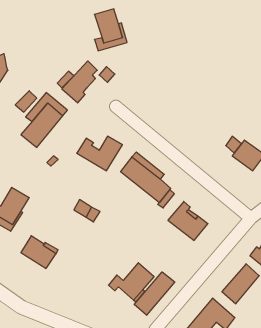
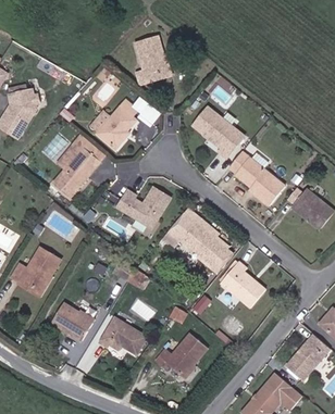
building: none -> [196,106,246,156]
building: none -> [231,151,286,205]
building: none -> [98,317,146,354]
building: [134,272,175,315] -> none

